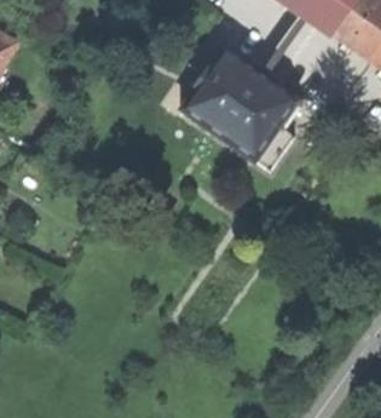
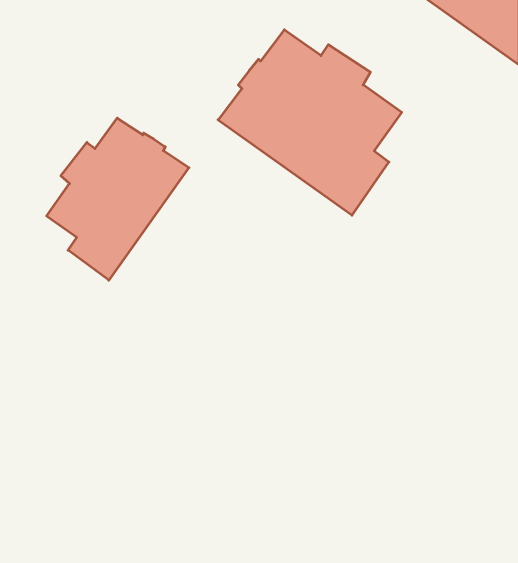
building: none -> [47,118,189,280]

